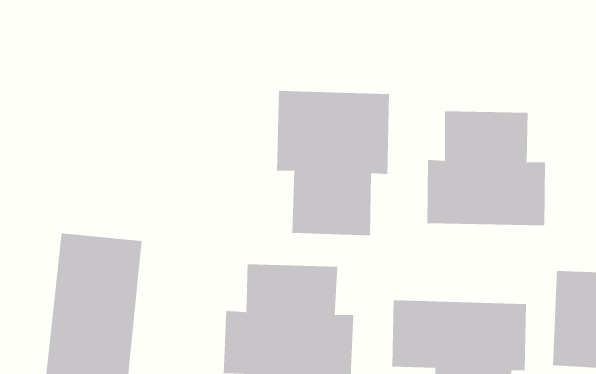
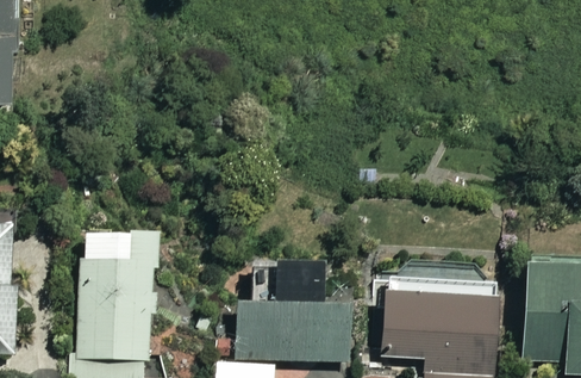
building: [276,90,390,236] -> none
building: [427,110,546,226] -> none

